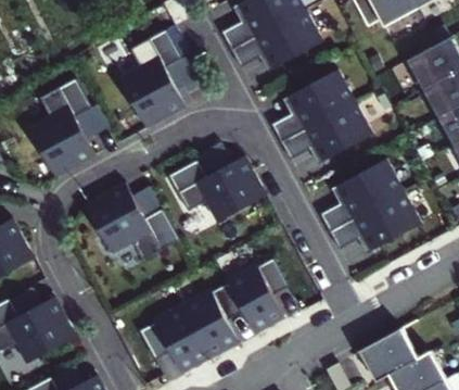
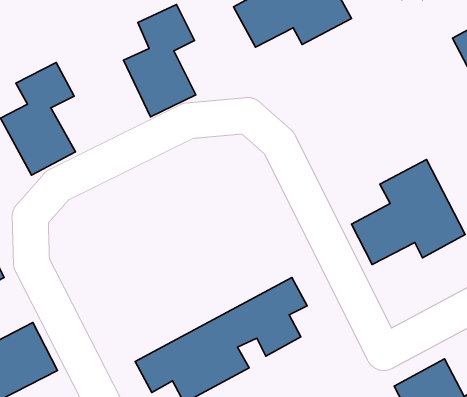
building: [272,72,370,159] -> none
building: [168,156,266,222] -> none
building: [84,184,174,257] -> none

